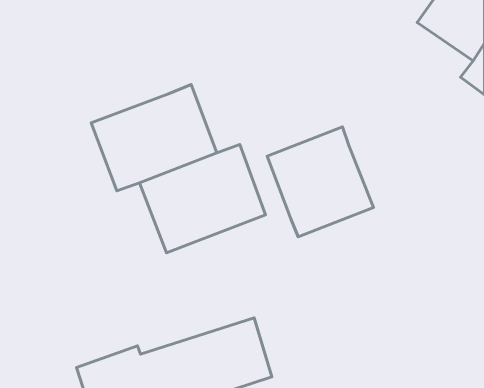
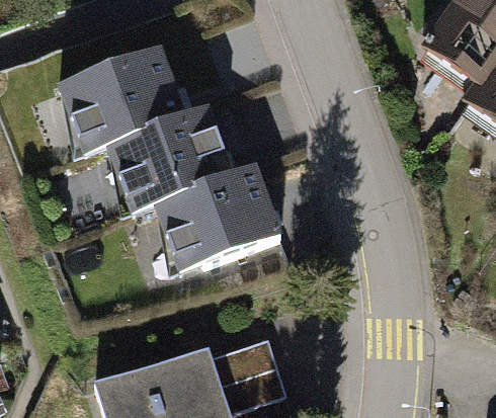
building: none -> [58,49,183,154]
building: [267,127,374,237] -> none

